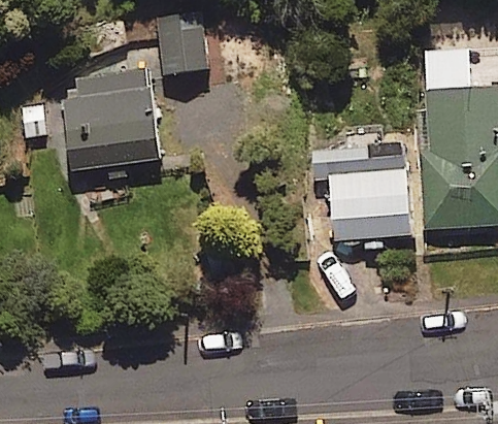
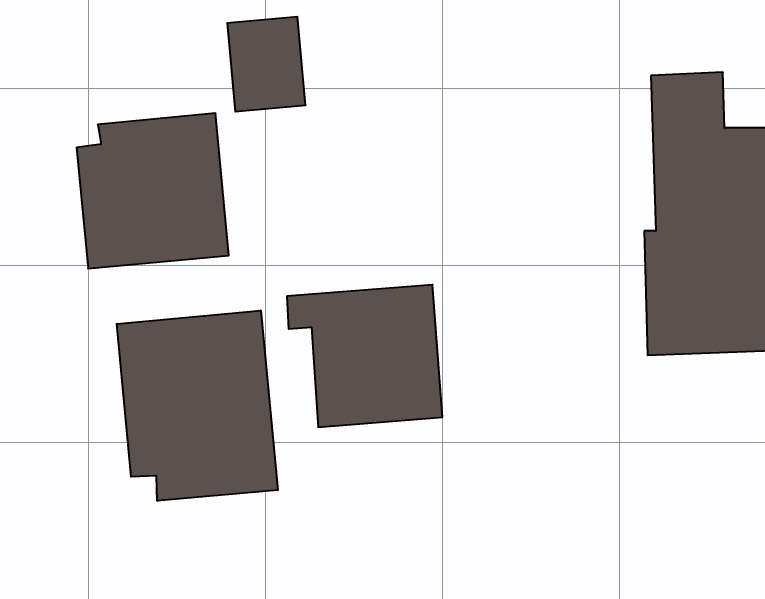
building: [311,149,409,238] -> [287,285,442,427]
building: none -> [117,310,278,501]

